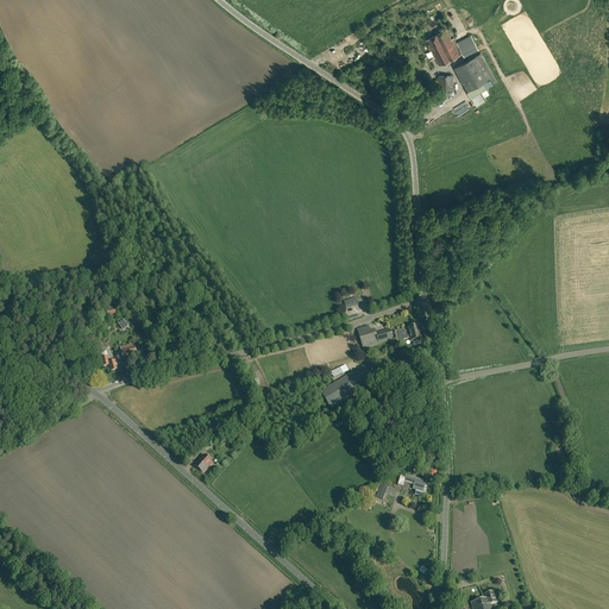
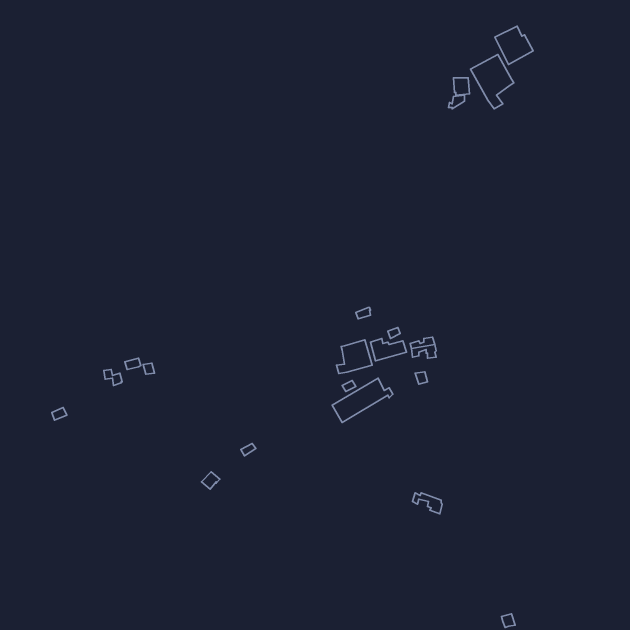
building: [425,29,462,65] -> [495,26,533,64]
building: none -> [337,340,372,373]

